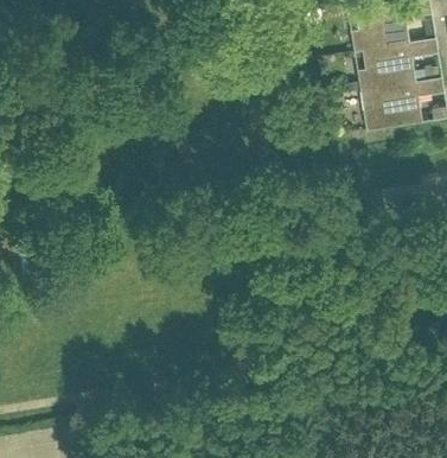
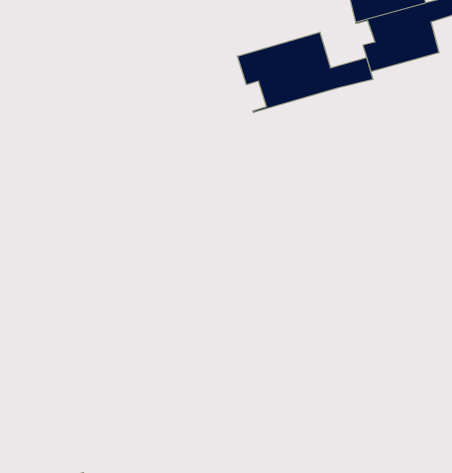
building: none -> [237,32,373,113]

